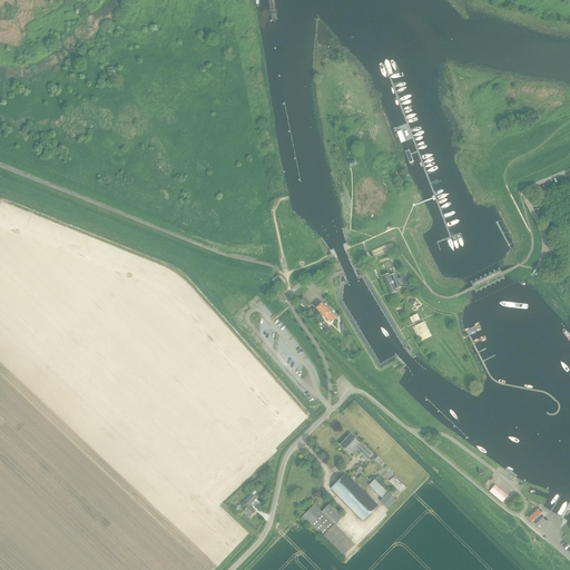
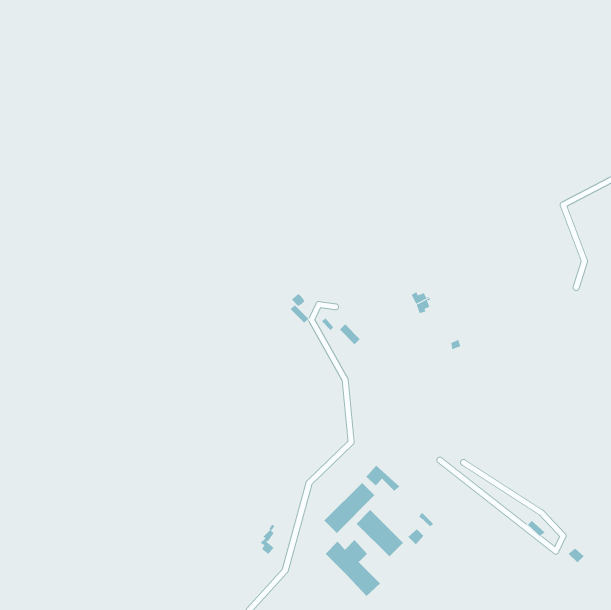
building: none -> [324,482,375,534]

